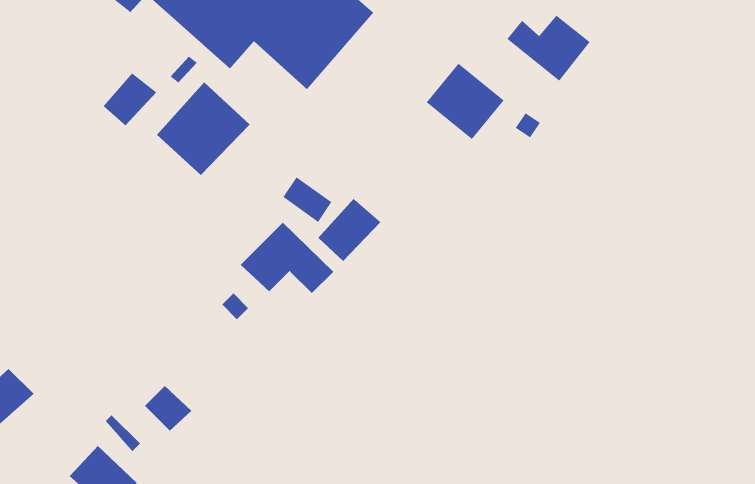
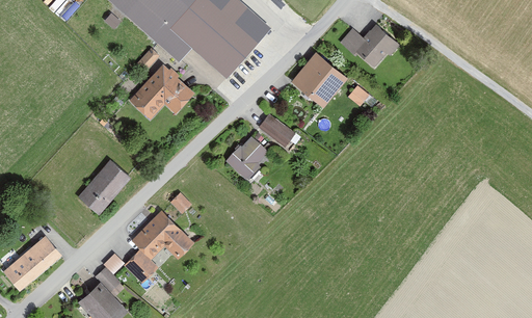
building: [103,72,157,126] -> none
building: [283,176,332,223] -> [262,115,292,143]
building: [240,222,334,294] -> [134,212,191,256]
building: none -> [81,163,127,211]

